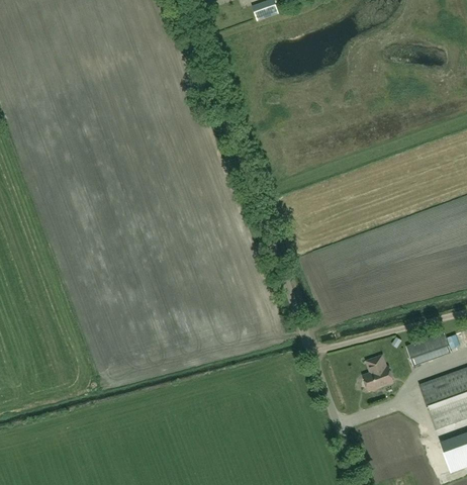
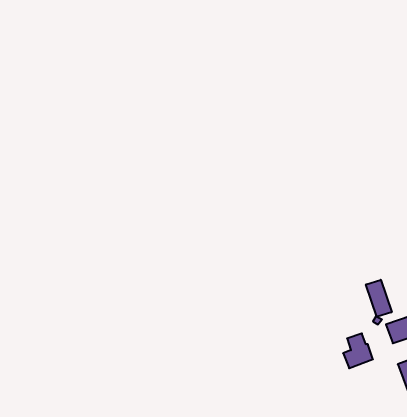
building: none -> [366,280,392,317]

